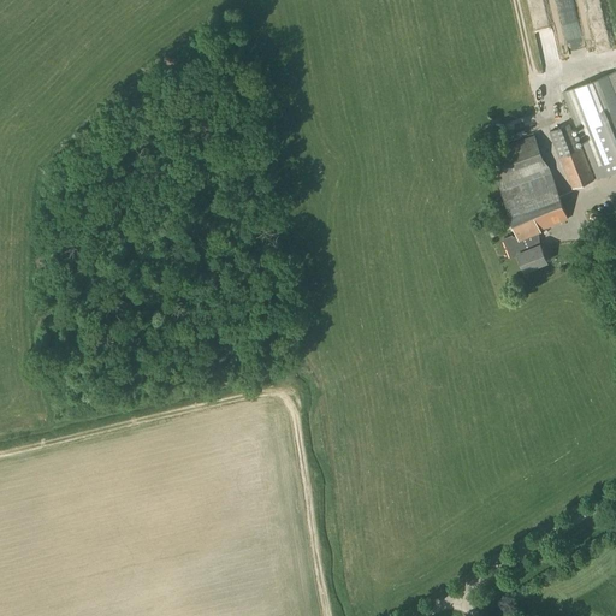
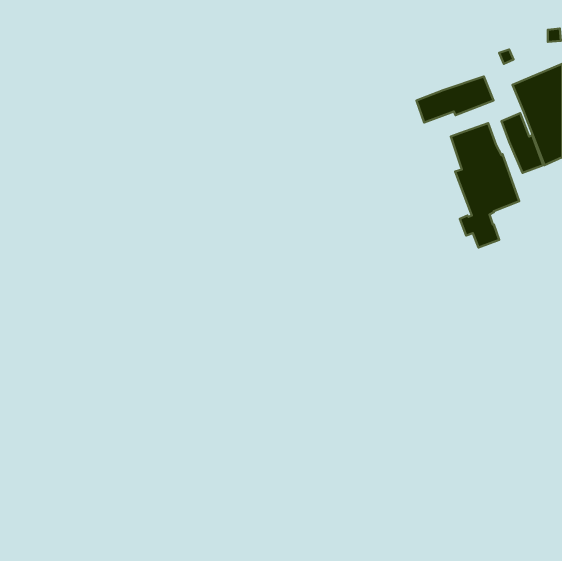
building: none -> [416,76,493,123]

